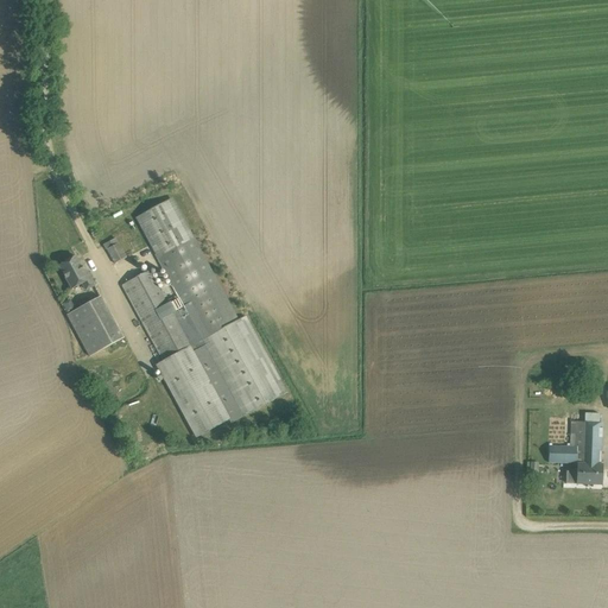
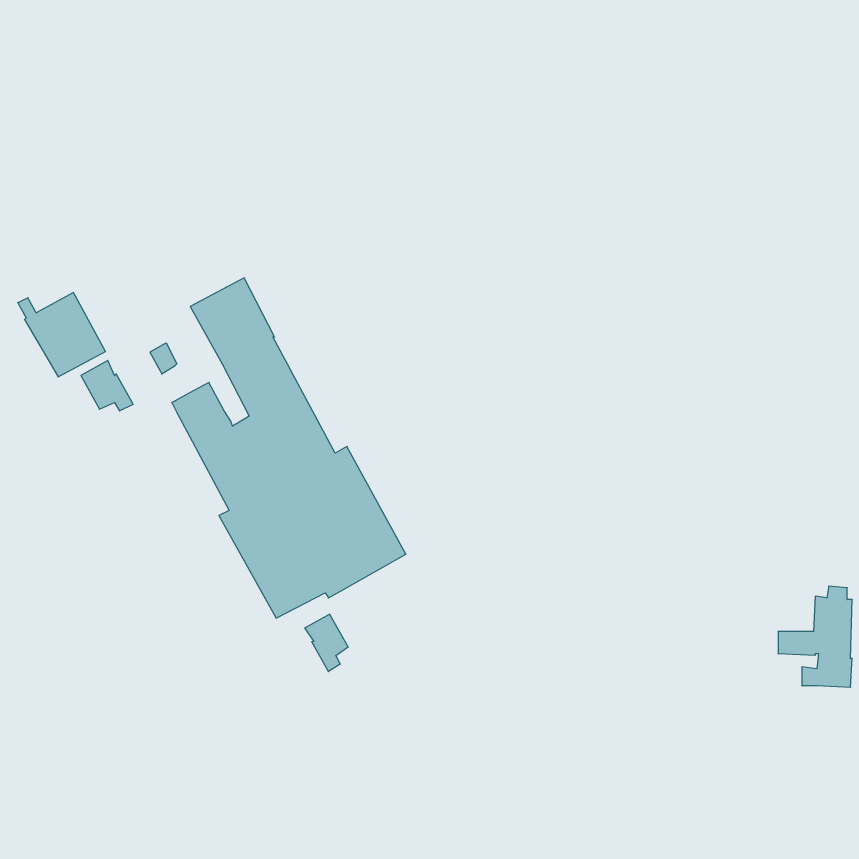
building: [61,296,122,355] -> [18,293,105,377]
building: none -> [305,614,348,672]

